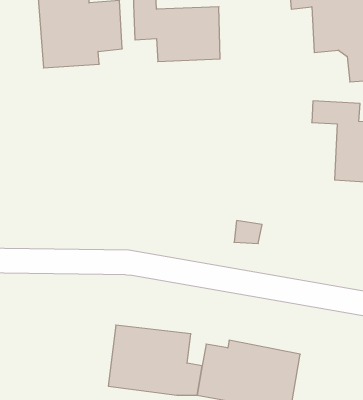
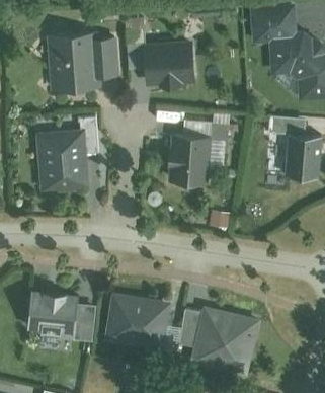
building: none -> [167,115,240,188]
building: none -> [38,119,97,192]
building: none -> [26,291,95,344]

